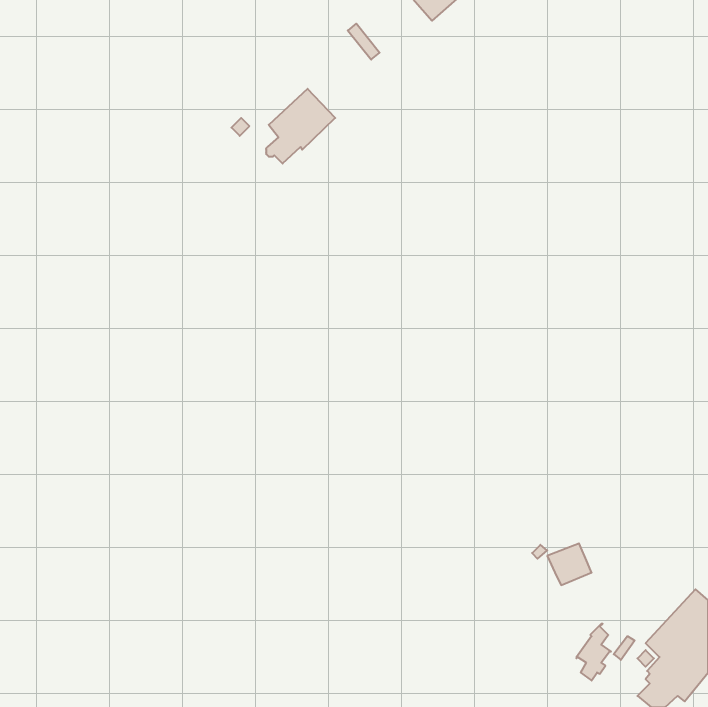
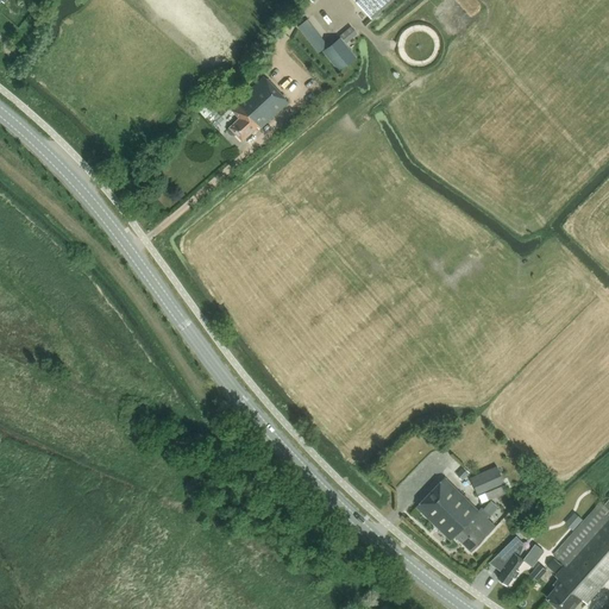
building: none -> [322,26,357,70]
building: none -> [416,476,496,550]

